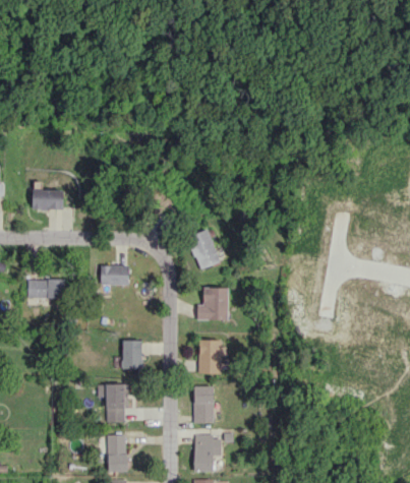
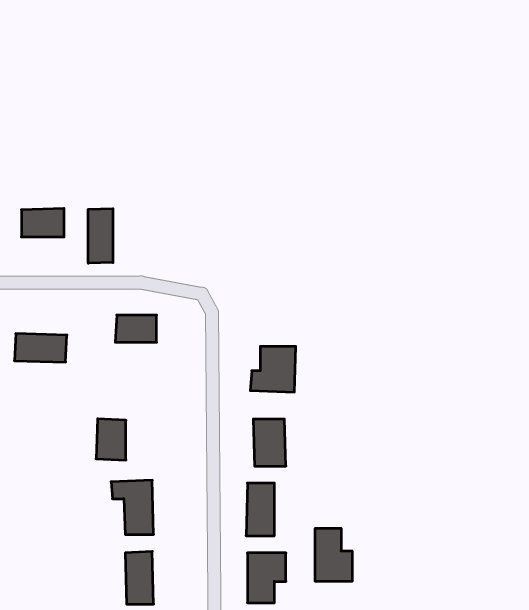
building: none -> [88,209,113,263]
building: [189,230,219,268] -> none
building: [122,340,143,369] -> [96,419,126,460]
building: none -> [315,528,352,581]

